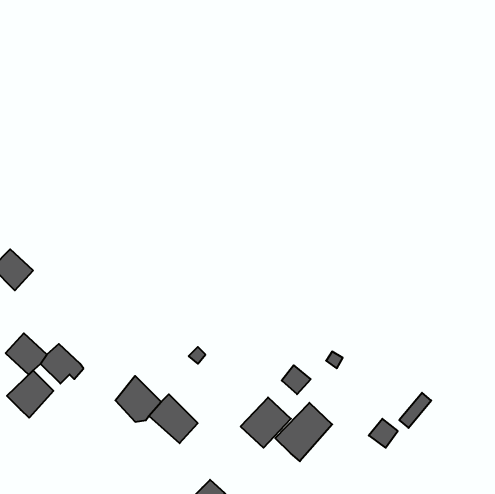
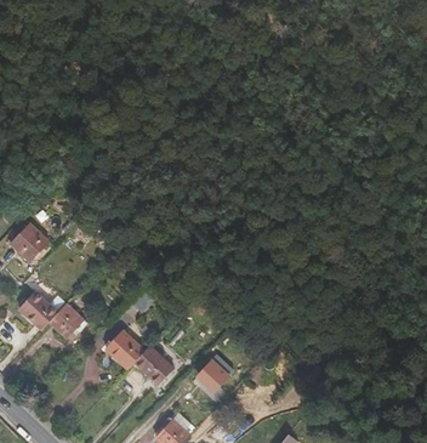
building: [7,370,53,418] -> none
building: [275,403,332,461] -> none

